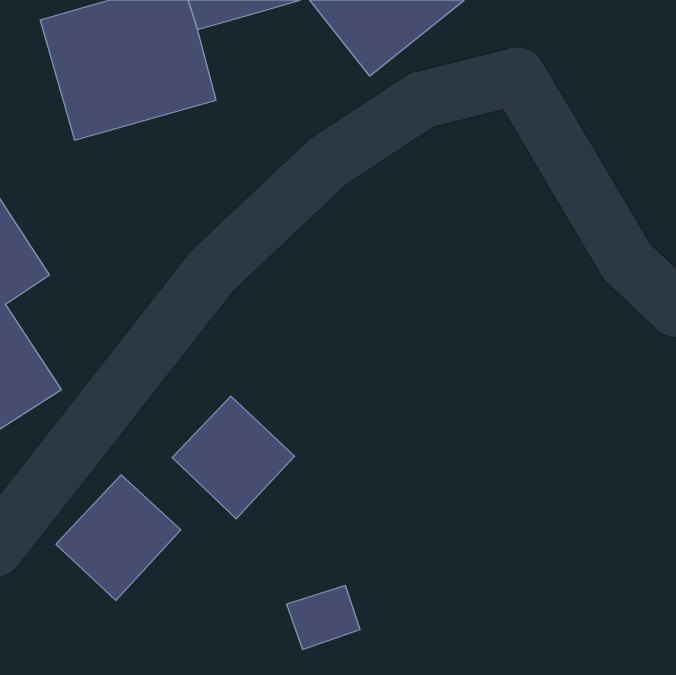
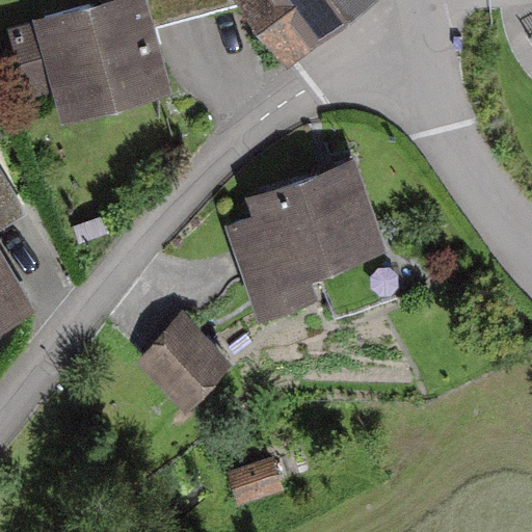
building: none -> [223,161,383,321]
building: [56,475,181,600] -> none

